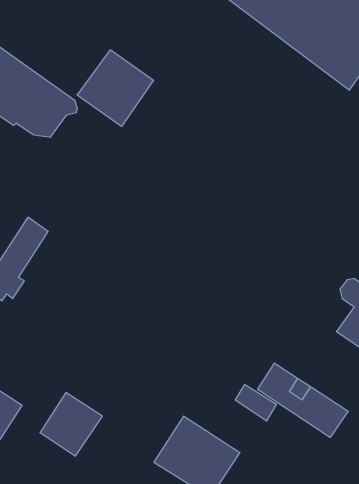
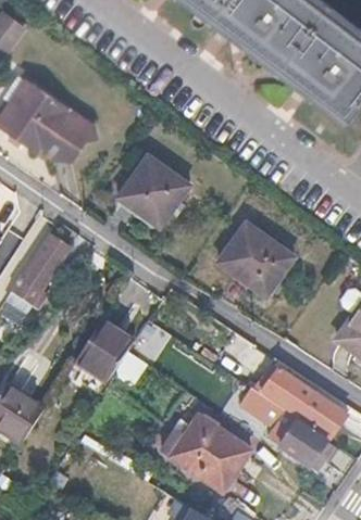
building: [77,50,154,126] -> [117,155,188,226]
building: none -> [219,223,294,296]
building: [40,392,102,456] -> [76,324,134,382]
building: none -> [274,418,327,468]

